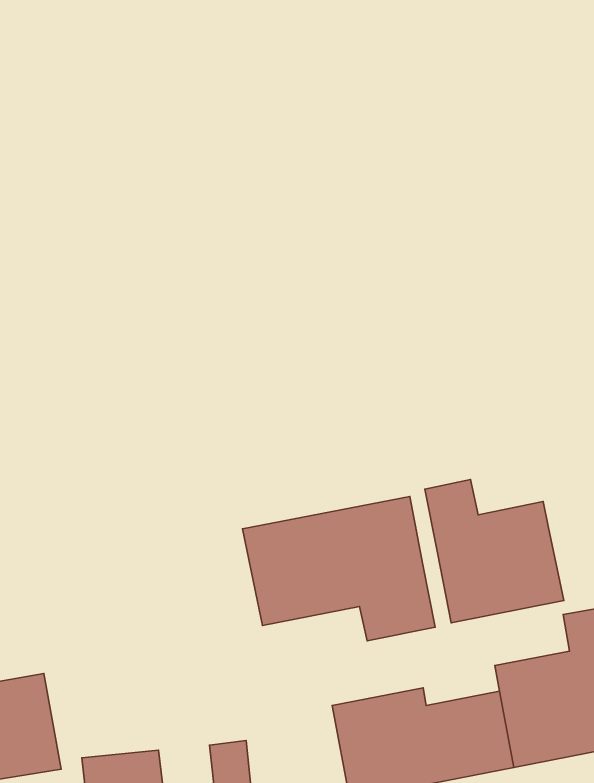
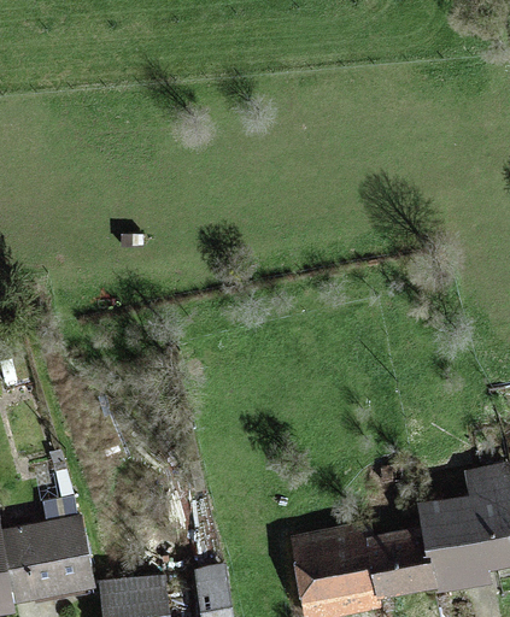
building: [425,479,564,623] -> none
building: [242,497,435,641] -> none

